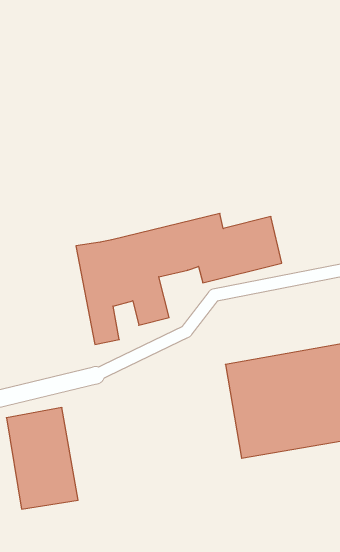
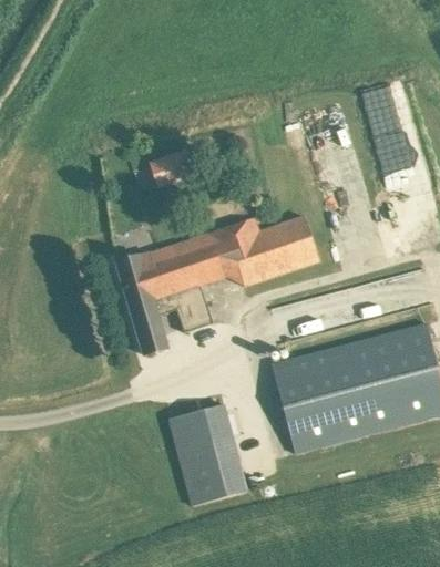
building: none -> [145,147,188,185]
building: [6,408,78,509] -> [171,403,247,505]

